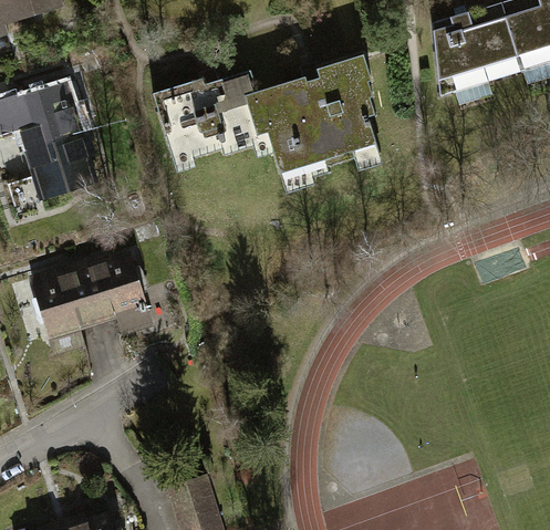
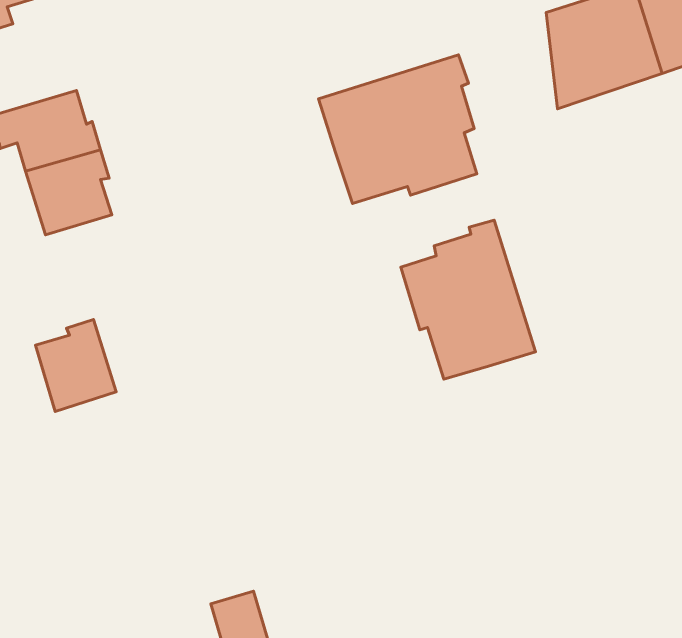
building: [152,71,268,157] -> none
building: none -> [401,220,535,379]
building: [79,254,151,332] -> none

